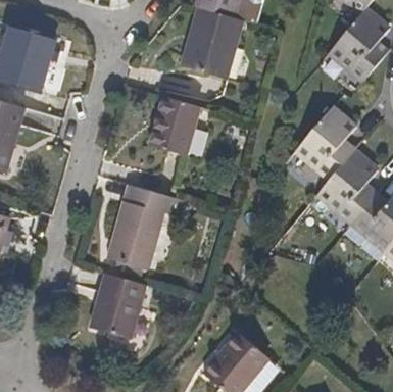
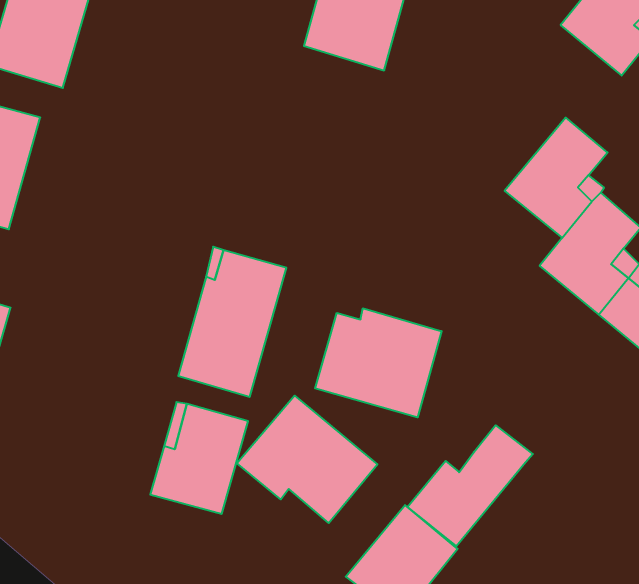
building: [148,95,198,156] -> none
building: none -> [315,308,442,417]
building: none -> [237,396,377,523]
building: none -> [407,425,533,546]

